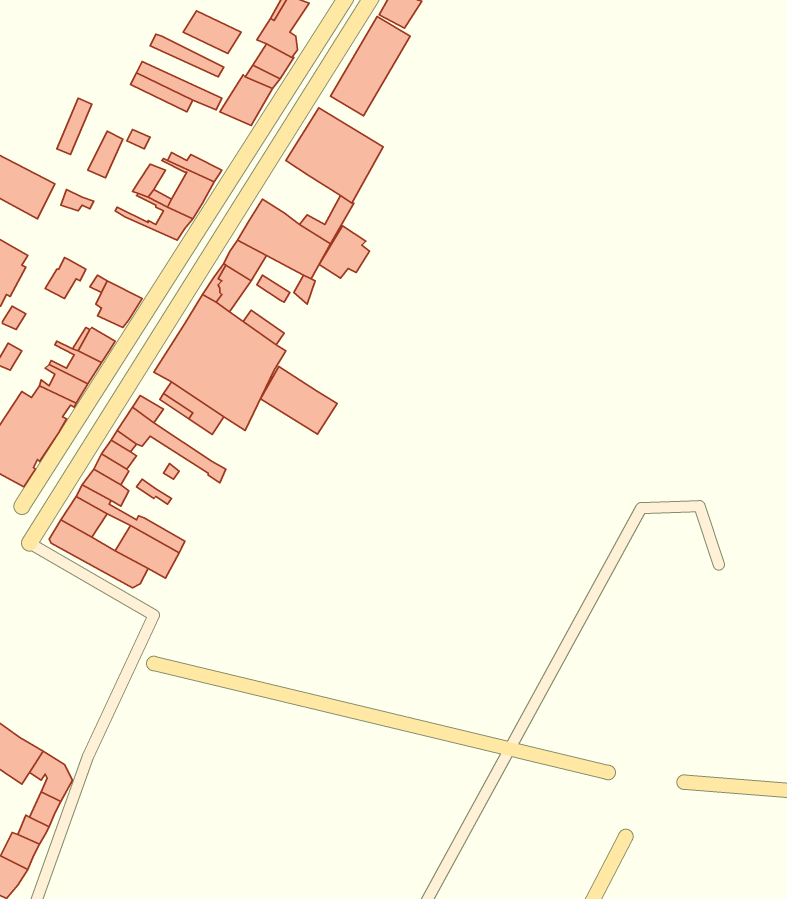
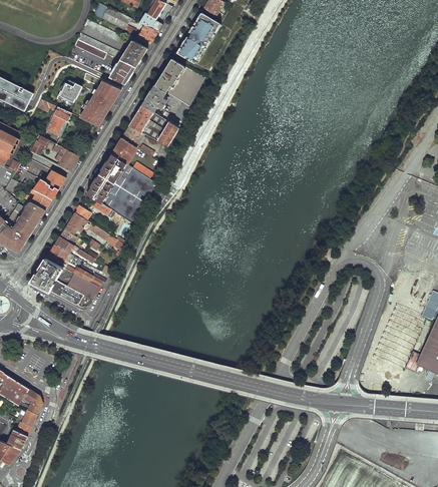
building: none -> [110,59,136,84]
building: none -> [46,106,71,135]
building: [319,226,370,278] -> [142,84,168,111]
building: [260,366,337,434] -> none

